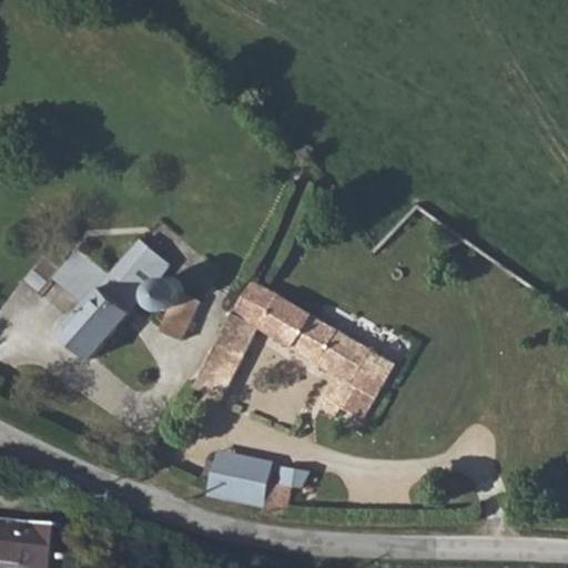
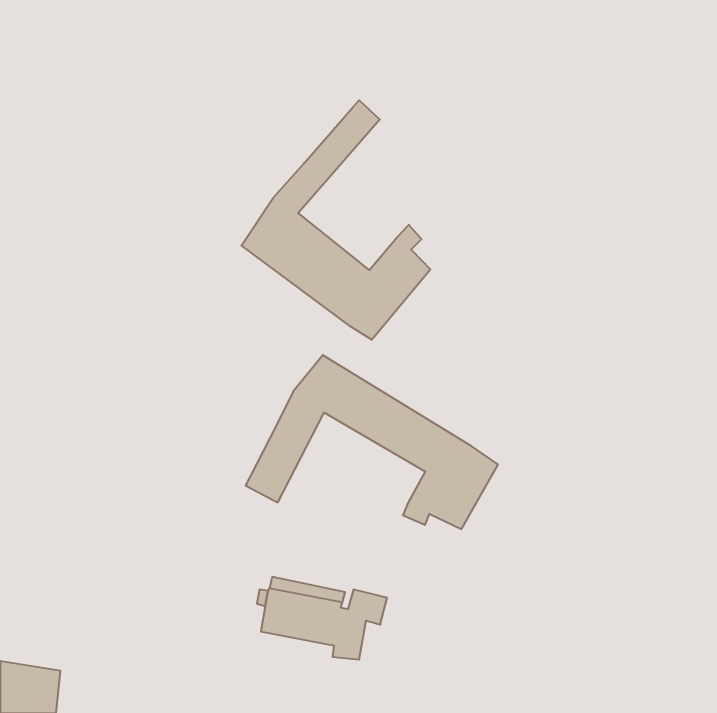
building: none -> [241,100,430,340]
building: [61,235,200,356] -> none

